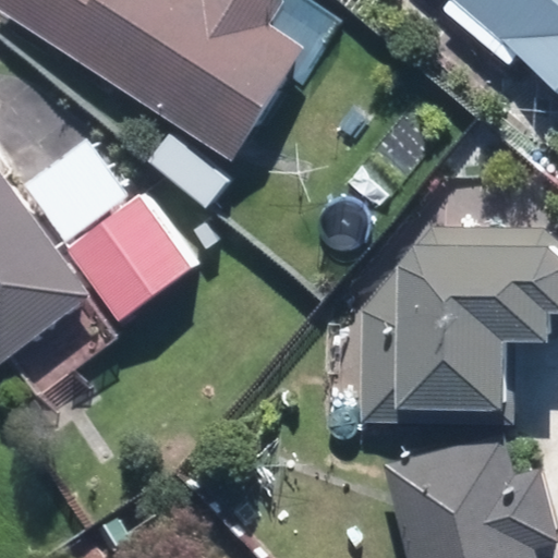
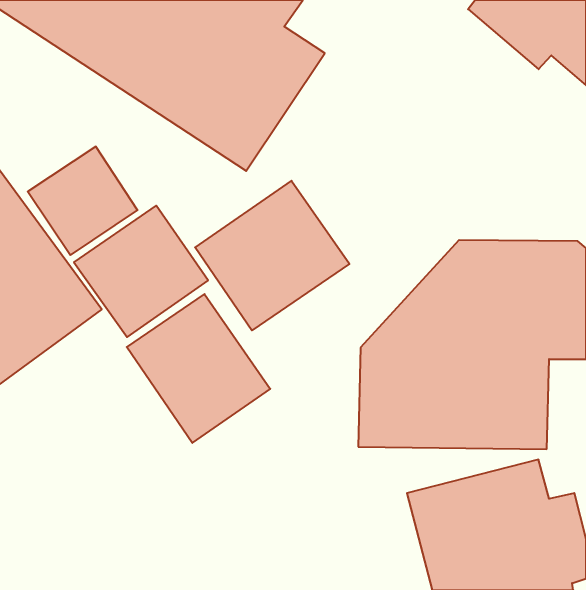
building: none -> [195,181,349,330]
building: none -> [127,294,270,443]

